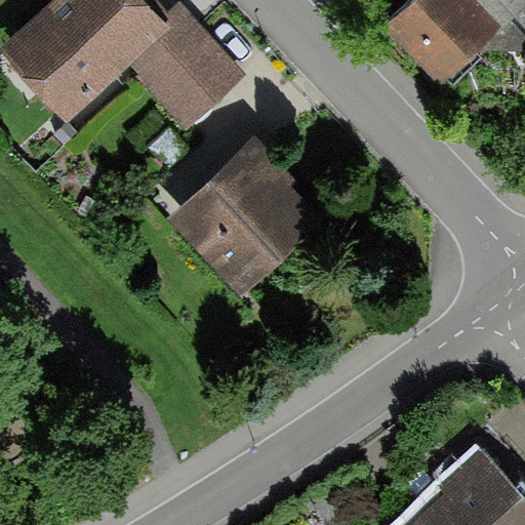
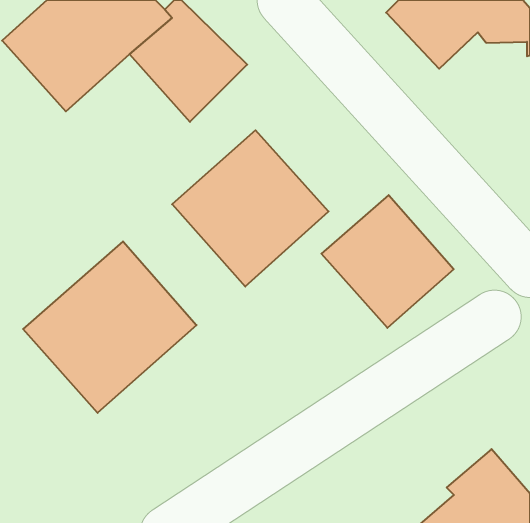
building: none -> [321,195,454,328]
building: none -> [23,241,197,413]

